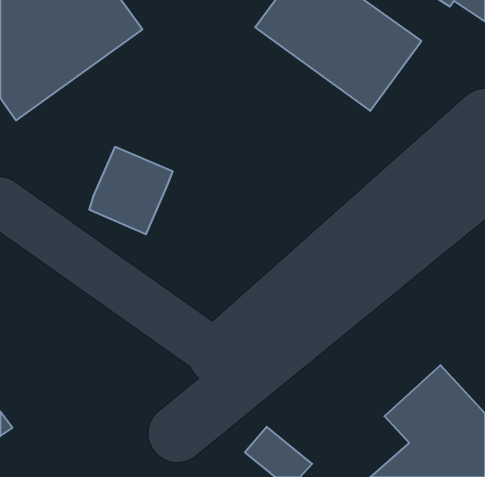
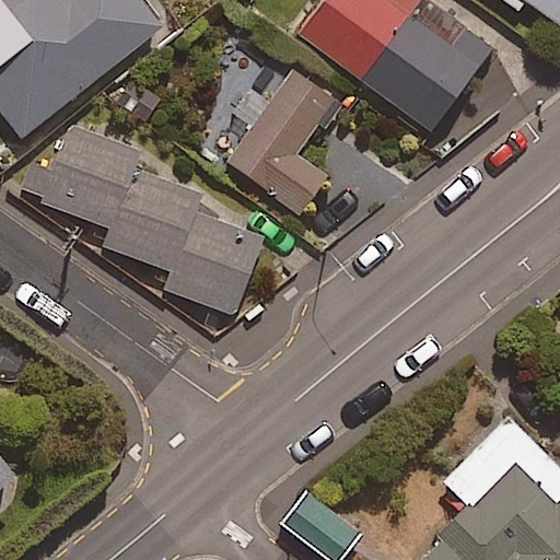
building: none -> [230,72,332,213]
building: none -> [40,127,138,226]
building: none -> [163,214,261,313]

